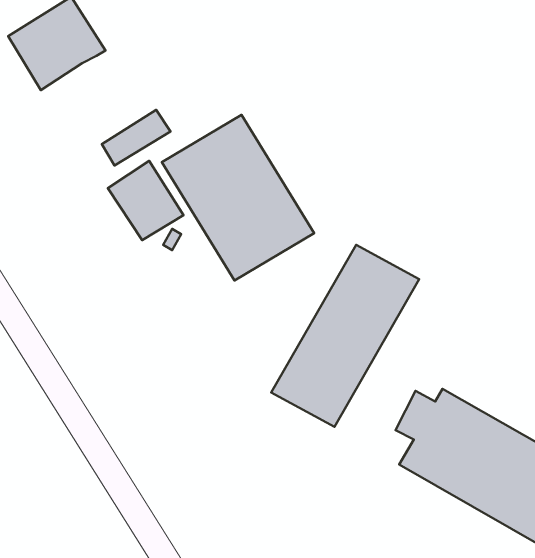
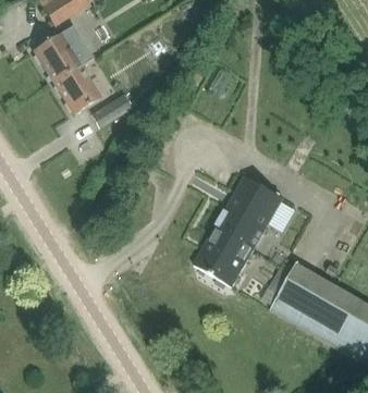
building: [162,115,314,281] -> none
building: [108,161,184,240] -> [54,65,100,113]

